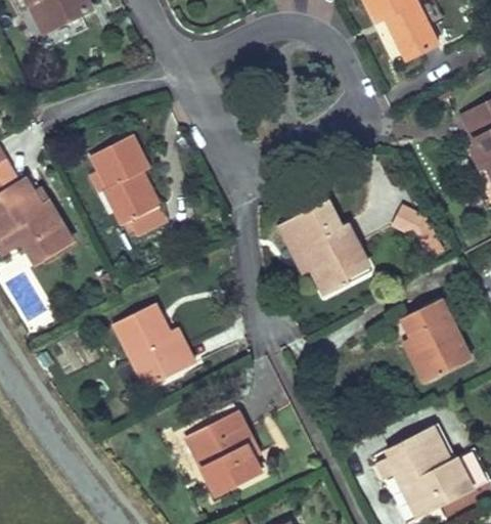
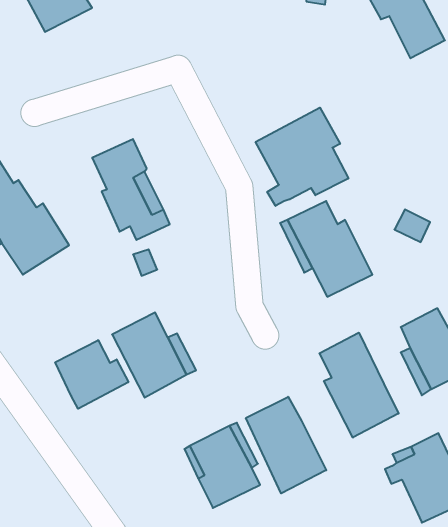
building: none -> [256,108,348,206]
building: none -> [319,333,399,438]
building: none -> [55,340,128,409]
building: none -> [246,397,326,493]

